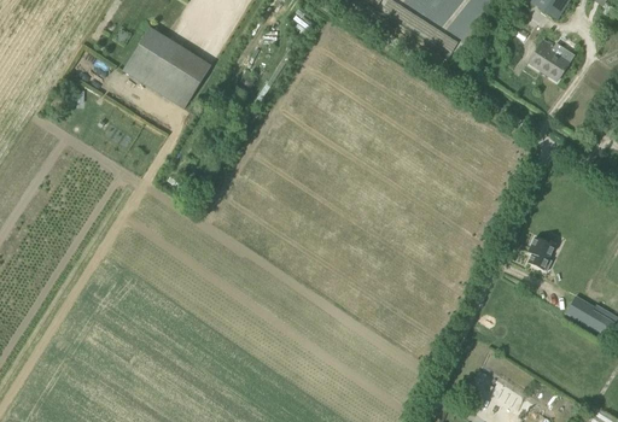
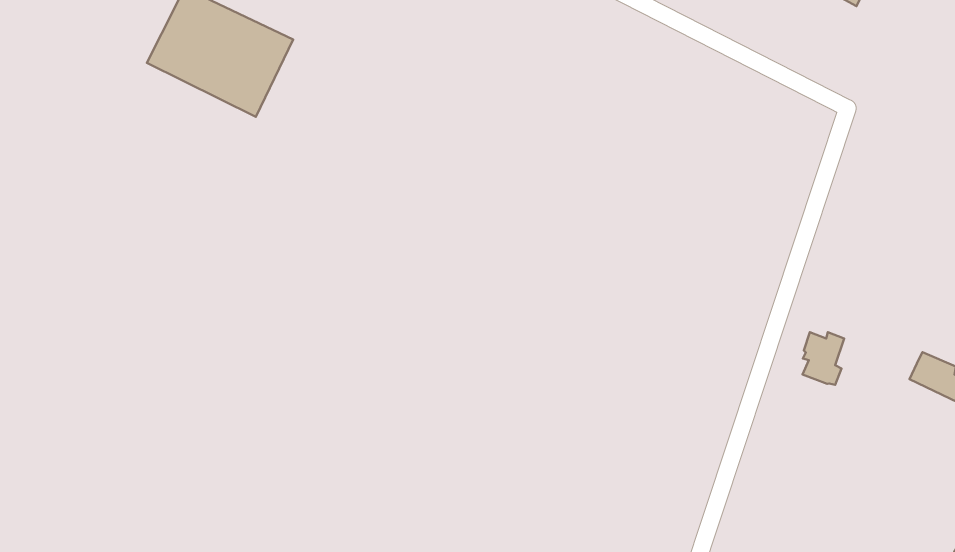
building: [527,236,555,270] -> [802,332,844,385]

